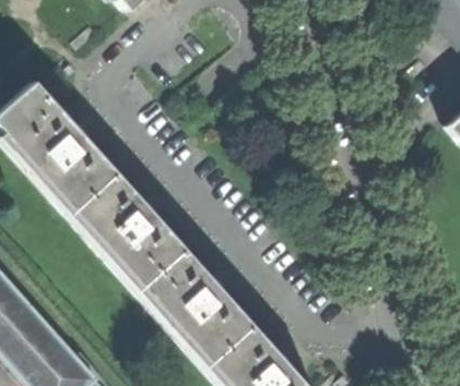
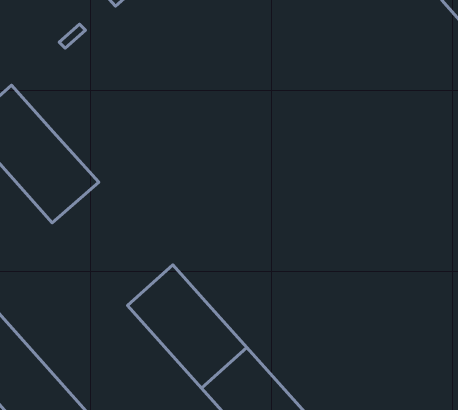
building: [68,171,178,284] -> none

